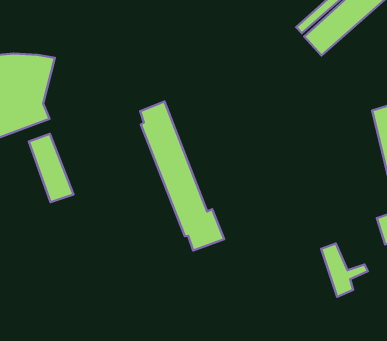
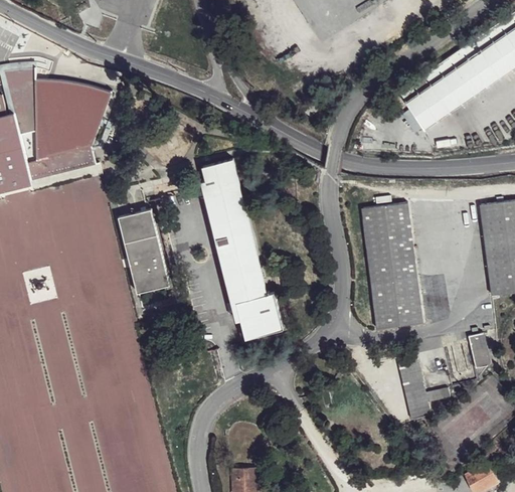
building: none -> [362,204,422,331]
building: [29,134,73,202] -> [120,212,165,294]

